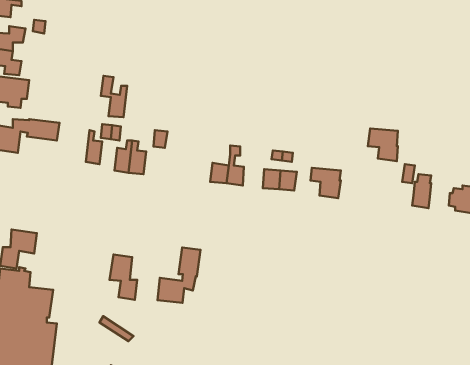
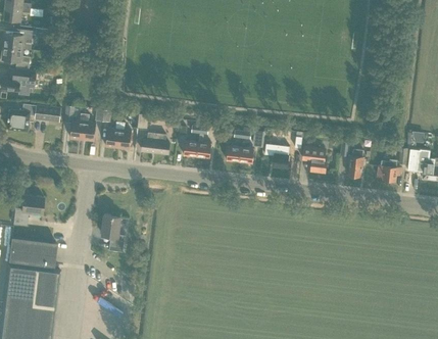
building: [101,76,127,117] -> [63,105,85,139]
building: [368,128,398,161] -> [301,145,326,172]
building: none -> [141,132,168,153]
building: [158,248,201,303] -> none

